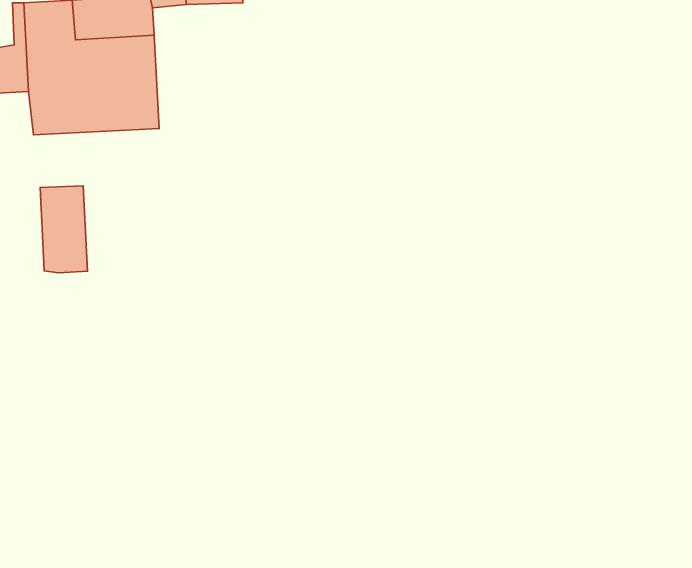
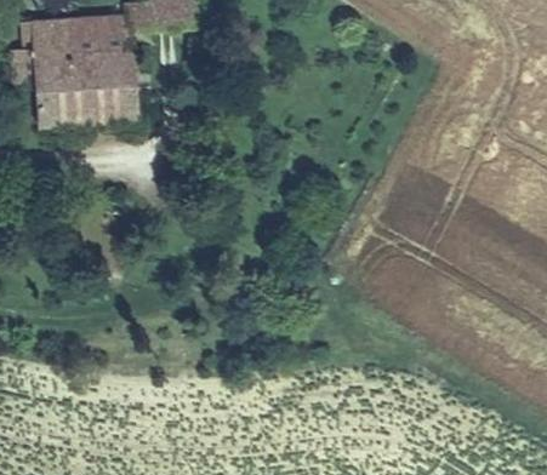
building: [40,186,88,273] -> none

